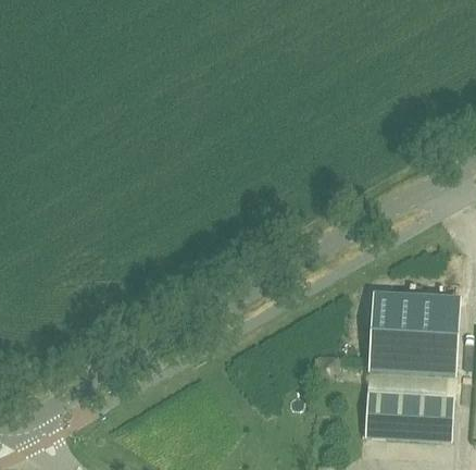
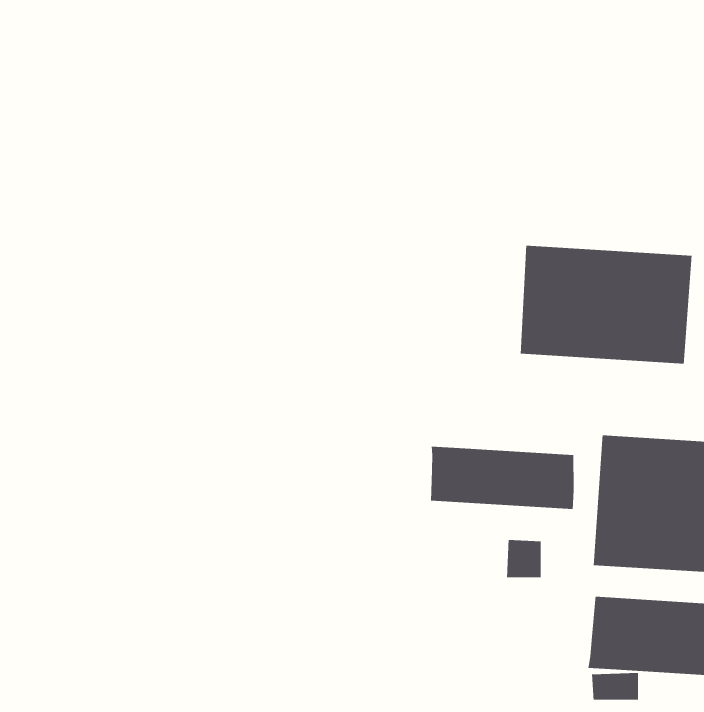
building: none -> [520,245,692,364]
building: none -> [430,446,575,510]

